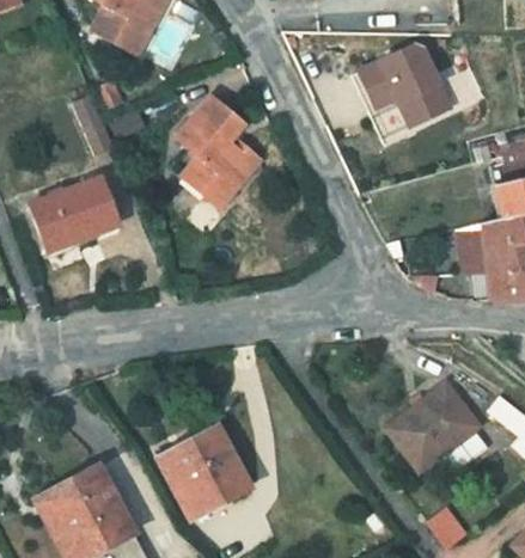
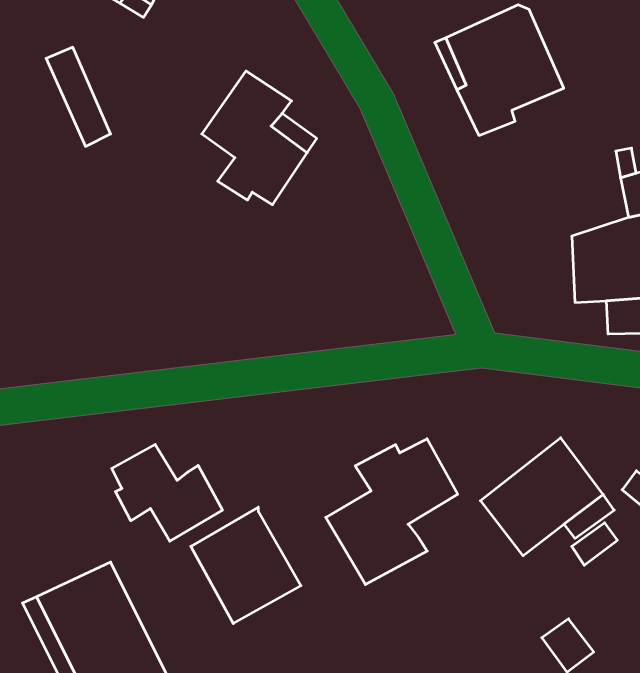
building: [32,179,120,253] -> none
building: none -> [326,439,458,585]
building: none -> [112,444,222,541]

